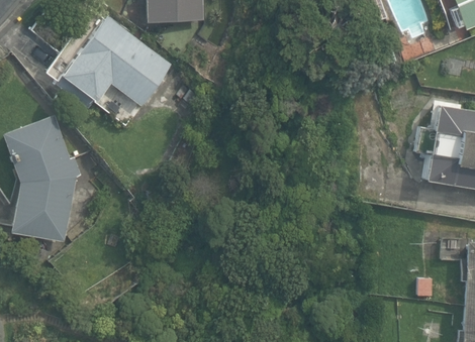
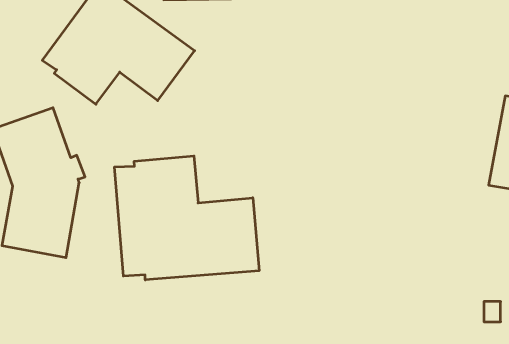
building: none -> [115,156,259,280]

